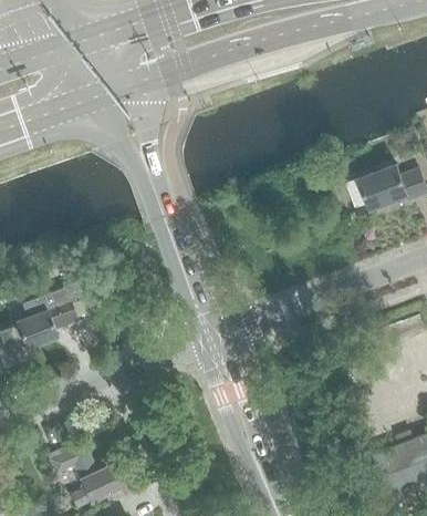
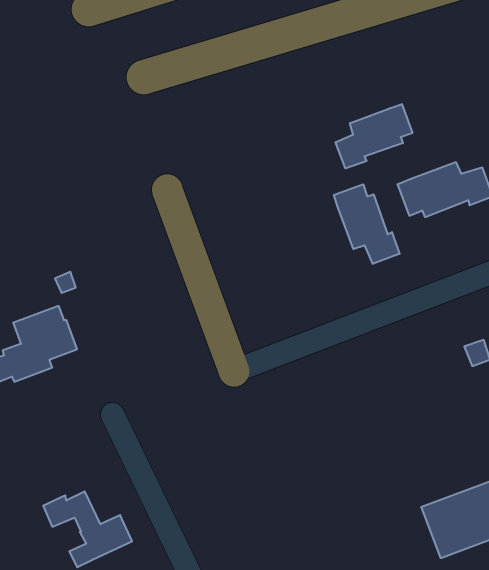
building: none -> [336,104,412,168]
building: none -> [334,184,400,264]

